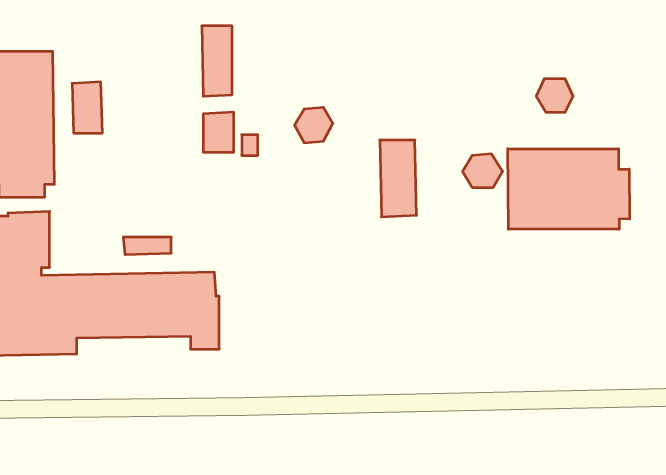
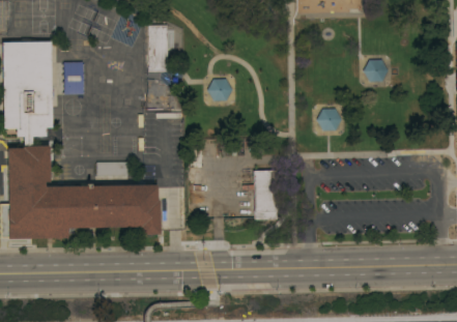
building: [380,140,417,217] -> [254,170,278,219]
building: [508,149,630,229] -> none

